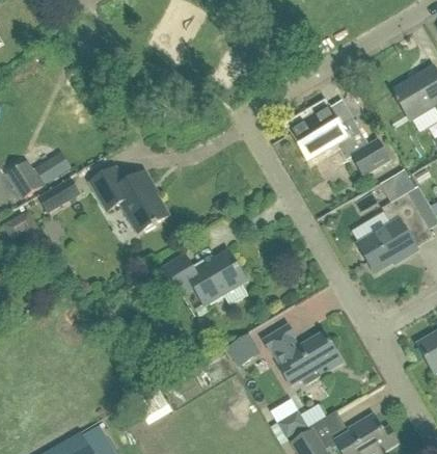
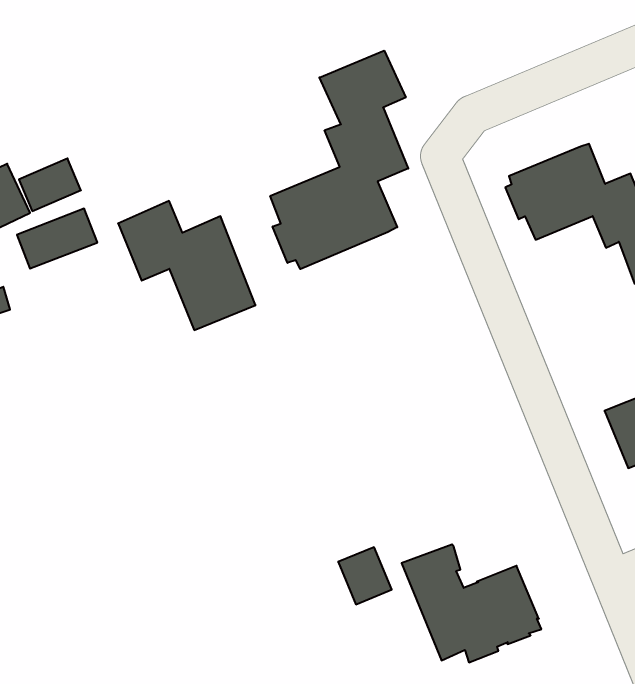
building: none -> [270,51,408,269]
building: [161,250,247,305] -> none

